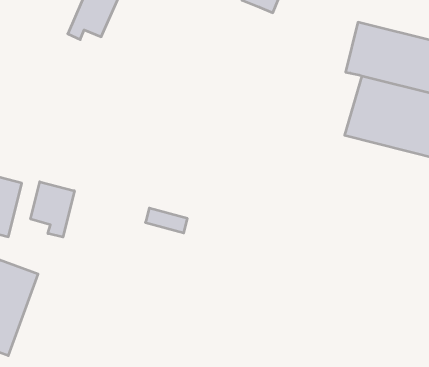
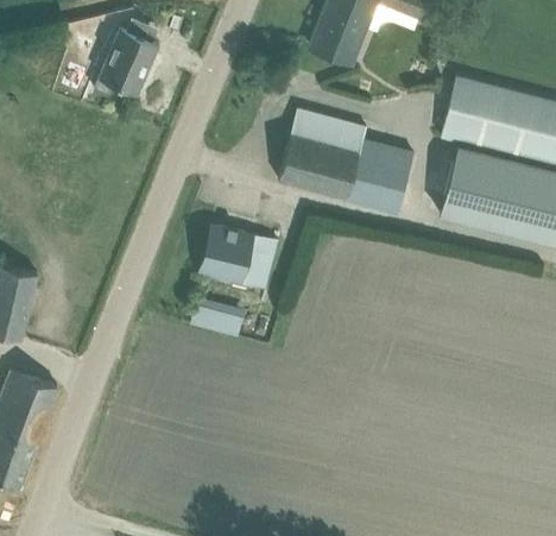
building: none -> [278,109,415,213]
building: none -> [198,223,278,289]
building: [31,182,74,237] -> none

